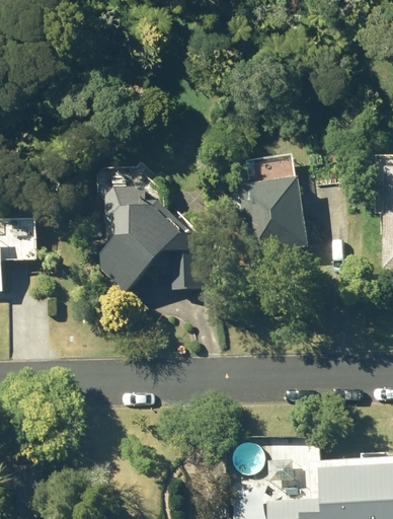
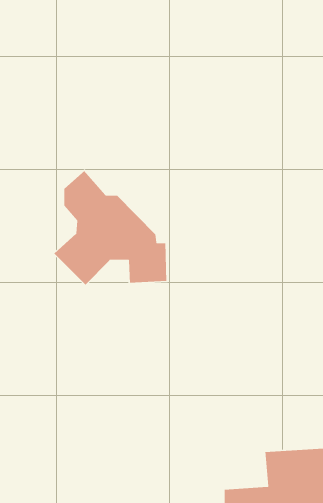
building: [238,177,310,269] -> none

